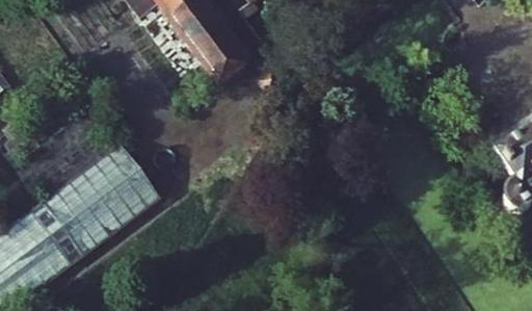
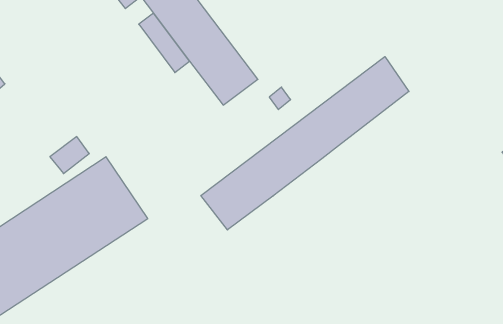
building: none -> [201,57,409,230]

